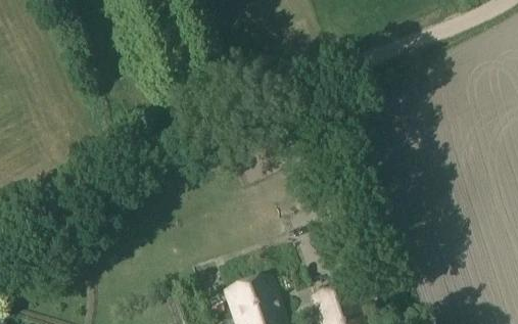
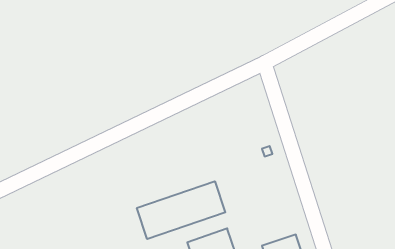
building: none -> [137,181,225,239]

